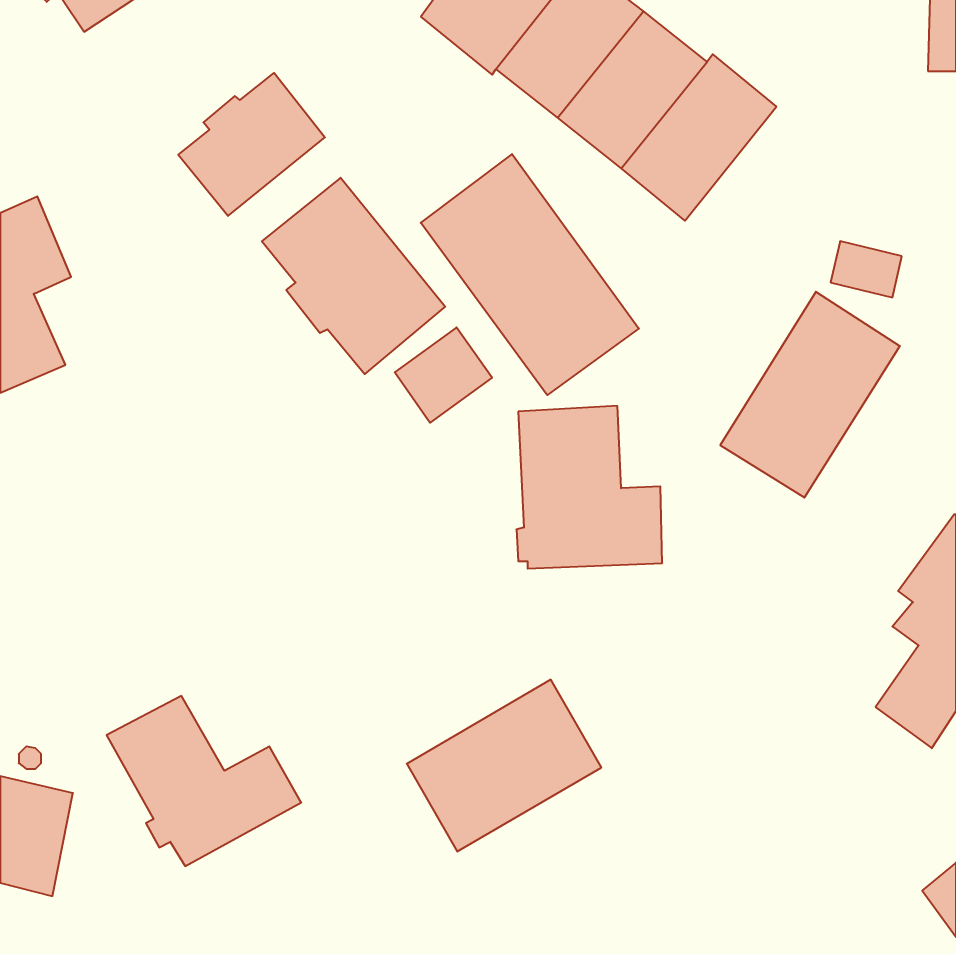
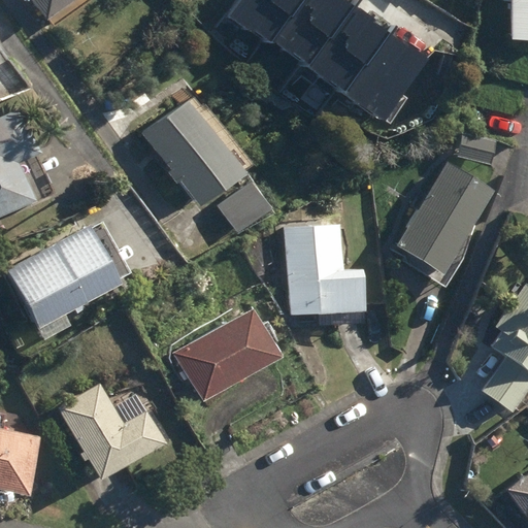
building: [178,73,325,216] -> none
building: [421,154,639,395] -> none
building: none -> [6,223,123,328]
building: [407,680,601,852] -> [175,307,283,402]

